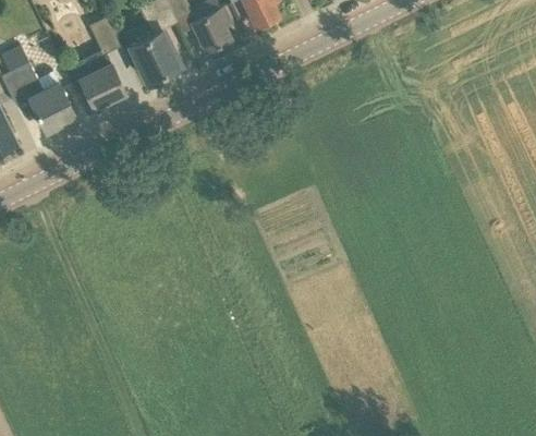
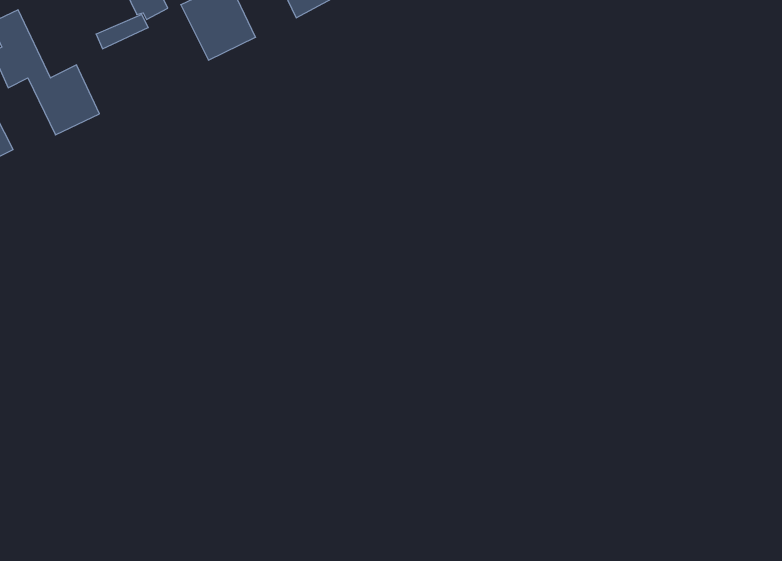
building: [77,61,125,108] -> none

